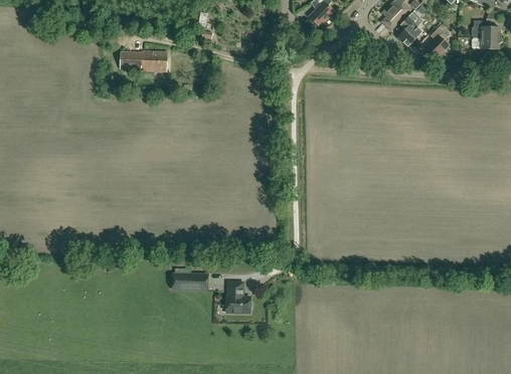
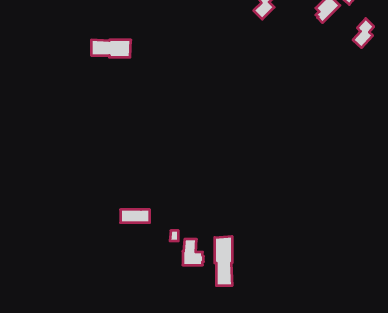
building: [398,11,421,46] -> none
building: [173,273,207,289] -> [120,210,150,223]
building: none -> [215,236,232,286]

